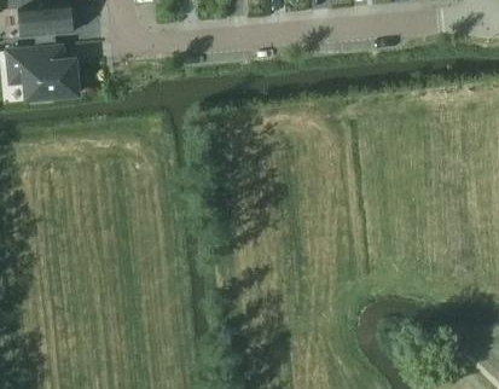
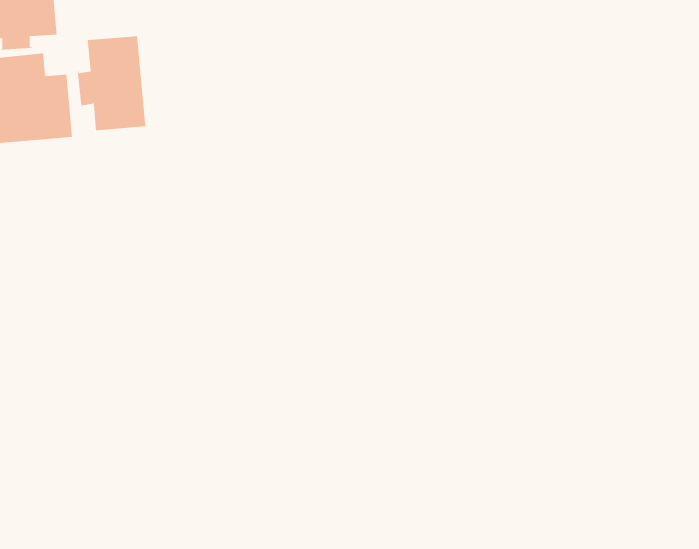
building: none -> [77,36,146,131]

